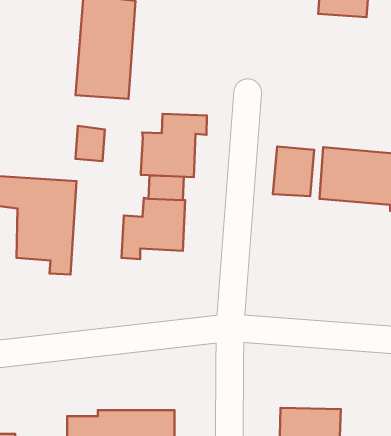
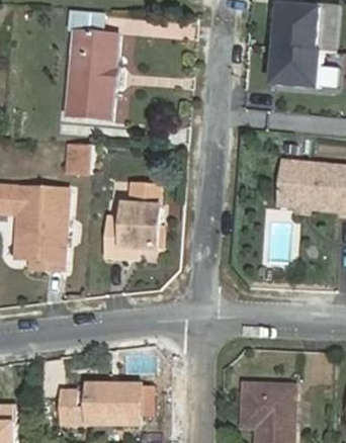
building: none -> [272,46,321,86]
building: [141,114,207,177] -> none
building: [273,147,314,196] -> none

